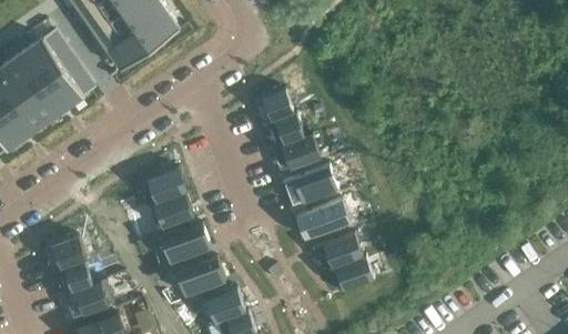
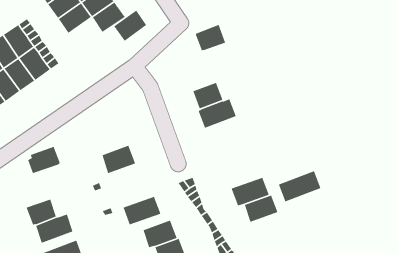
building: [108,30,151,71] -> [113,10,147,42]
building: [254,89,294,124] -> [195,24,226,52]
building: [284,165,338,205] -> none
building: [139,168,187,206] -> none
building: [296,199,352,240] -> [278,170,322,202]
building: [162,224,212,263] -> none
building: [44,236,88,273] -> [27,146,61,174]

